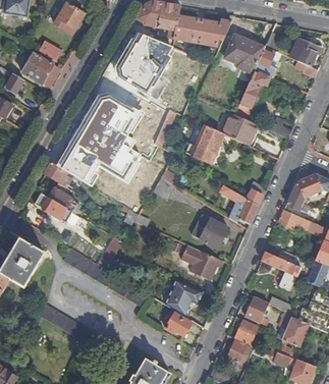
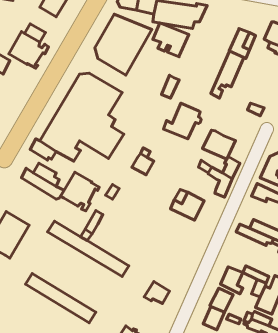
building: [226,35,264,70] -> [153,23,189,57]
building: [221,113,256,144] -> [203,130,236,159]
building: none -> [61,172,99,211]
building: [180,244,221,279] -> none
building: [163,278,202,317] -> none

